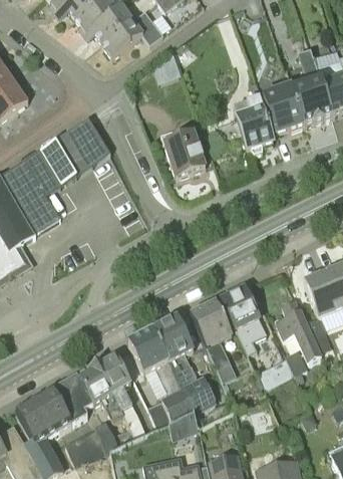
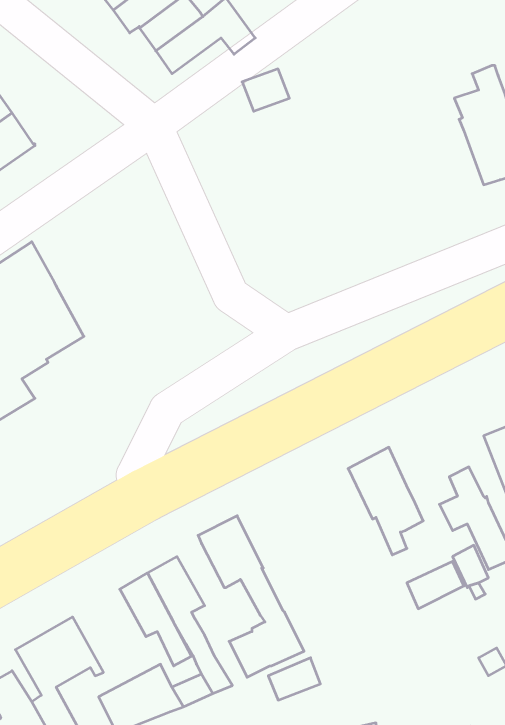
building: [262,76,304,135] -> none
building: [234,99,273,154] -> none
building: [26,117,106,187] -> none
building: [160,124,206,177] -> none
building: [191,301,236,379] -> none
building: [152,315,216,412] -> none
building: [51,374,96,425] -> none

